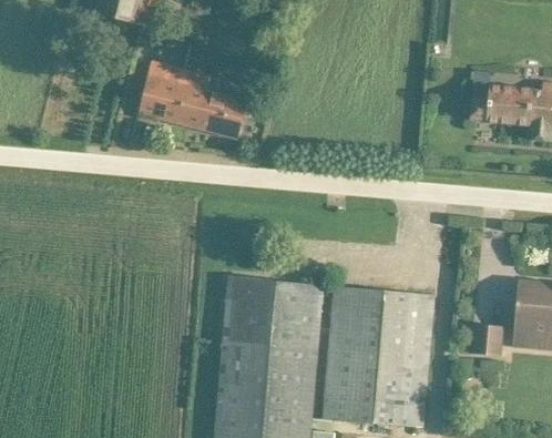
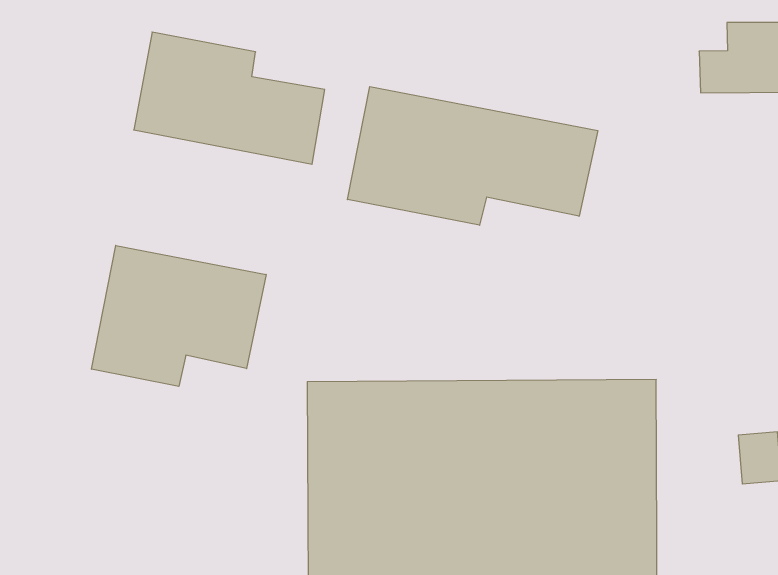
building: none -> [347,87,598,225]
building: none -> [92,245,266,386]

